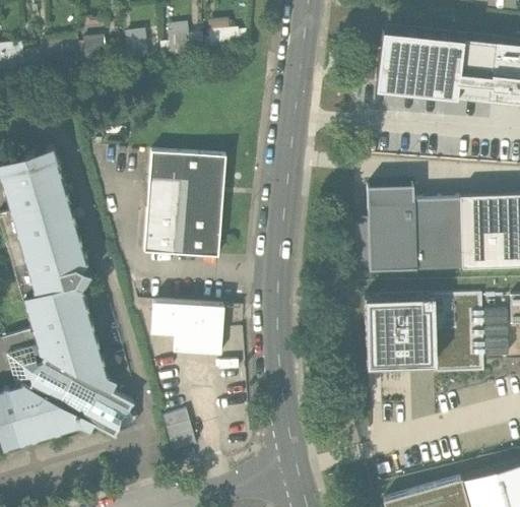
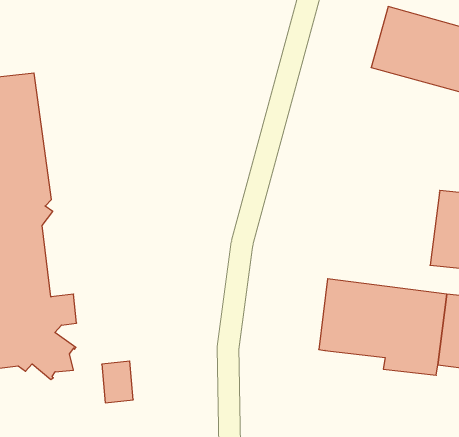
building: [145,149,226,257] -> none
building: [367,186,462,272] -> none
building: [150,302,223,355] -> none

